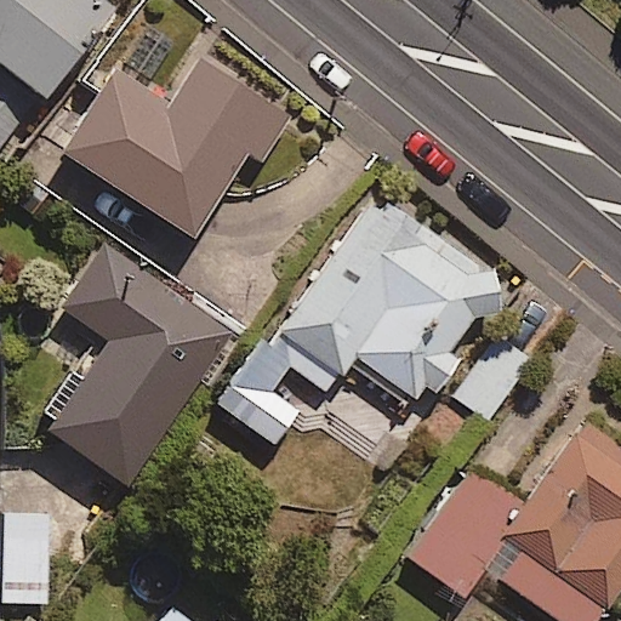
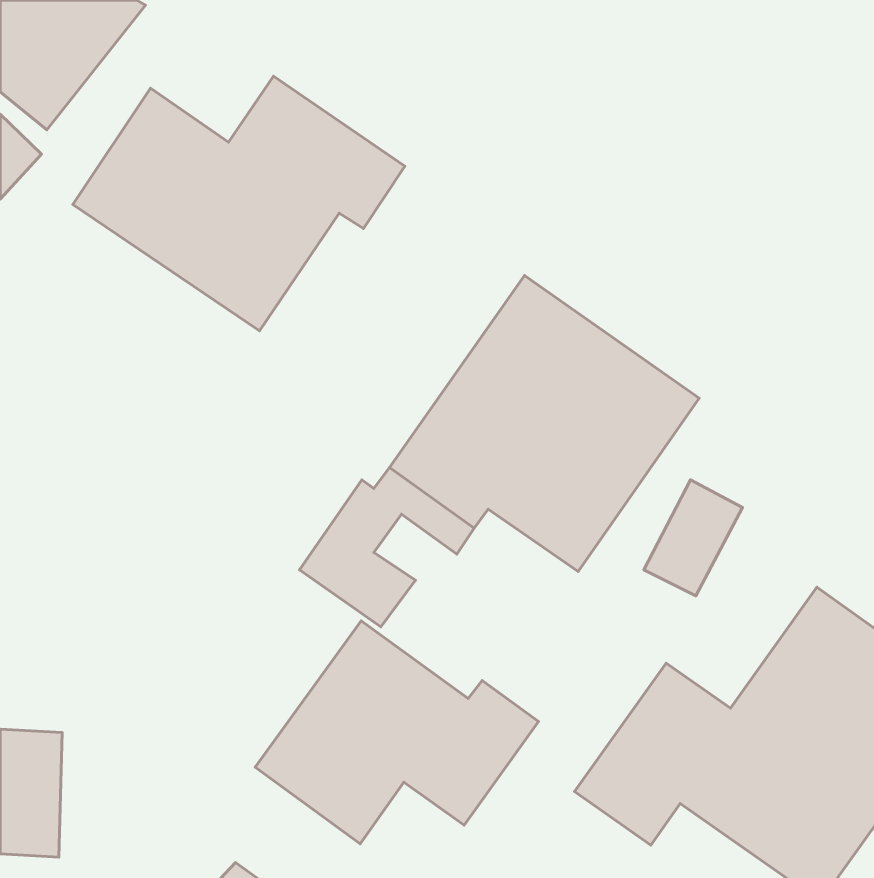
building: [46,243,235,486] -> none
building: none -> [255,621,538,844]

